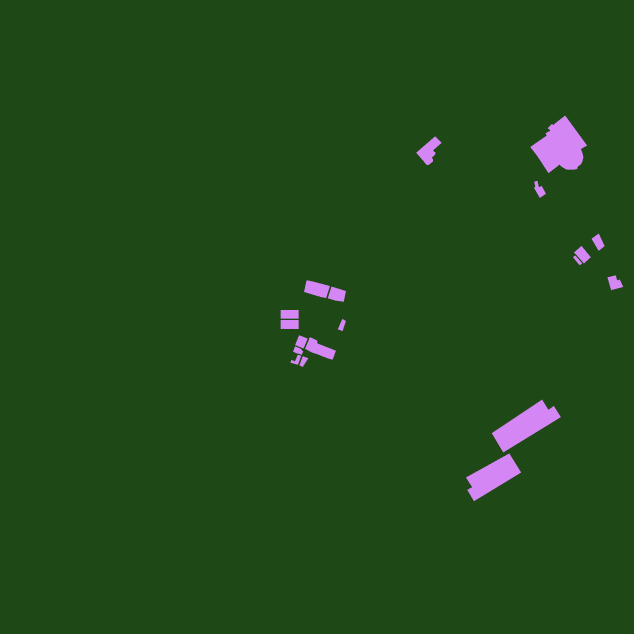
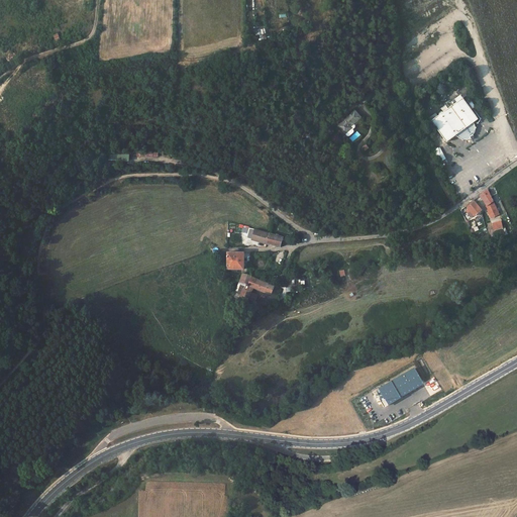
building: [491,398,562,454] -> none

